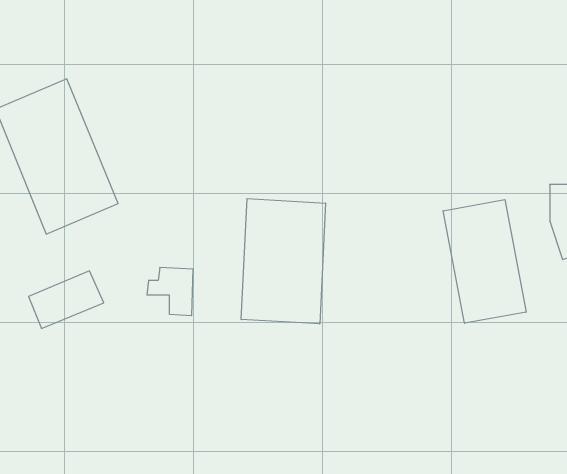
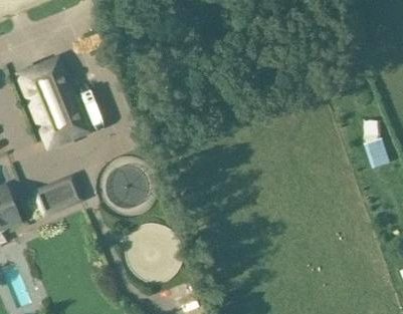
building: [241,199,325,324] -> none
building: [443,200,526,323] -> none

